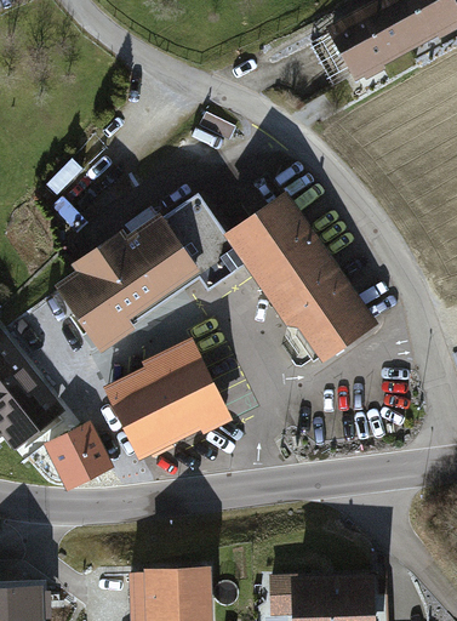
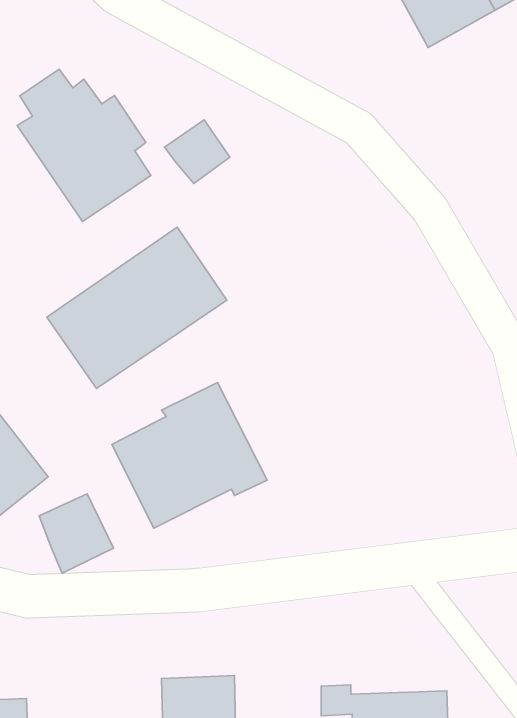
building: none -> [17,69,151,222]
building: none -> [165,120,230,183]
building: [159,193,371,363] -> none

